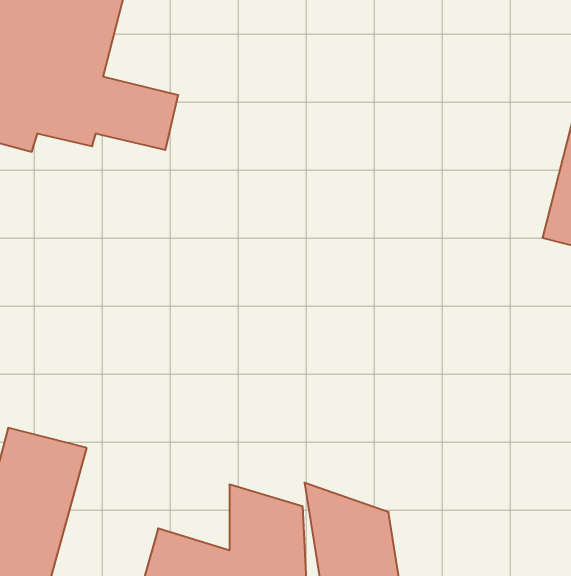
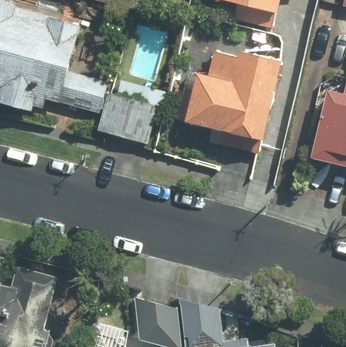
building: none -> [177,49,280,144]
building: none -> [98,92,157,145]

